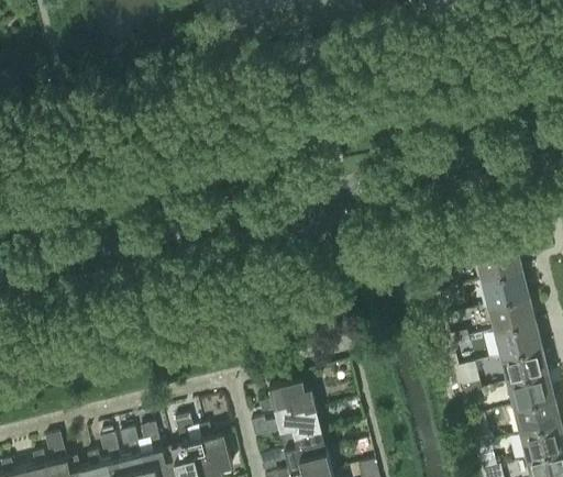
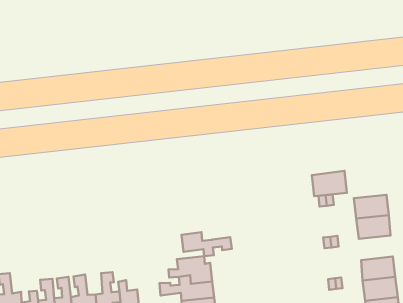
building: [475,245,522,282] -> [312,171,347,196]
building: [495,323,541,359] -> none
building: none -> [182,232,232,256]

